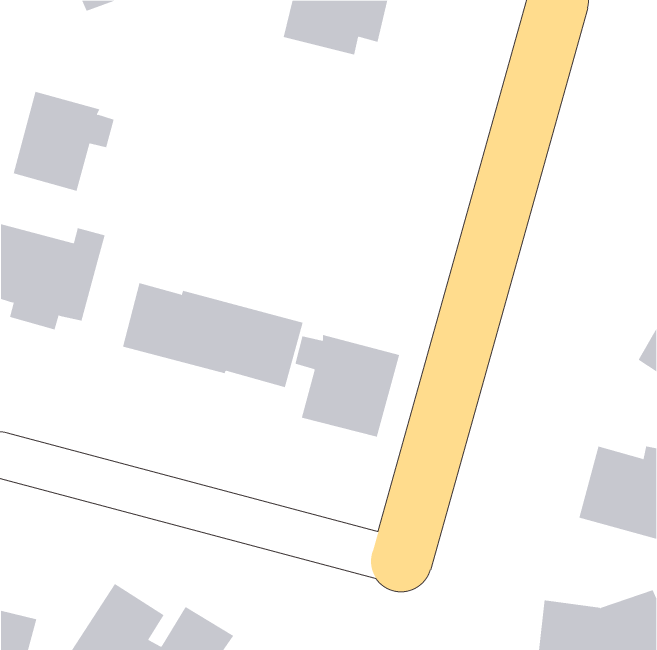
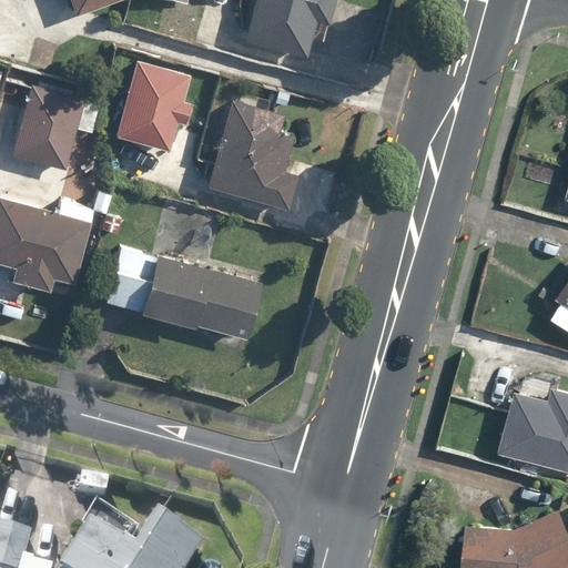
building: none -> [113,59,189,151]
building: none -> [205,100,300,212]
building: [295,334,400,438] -> none

